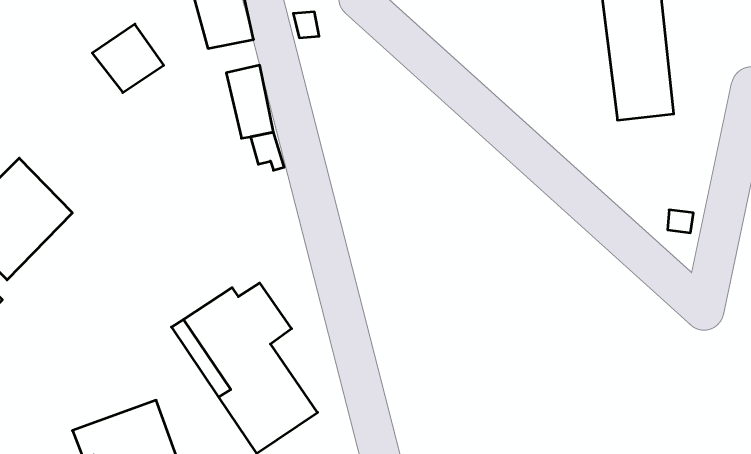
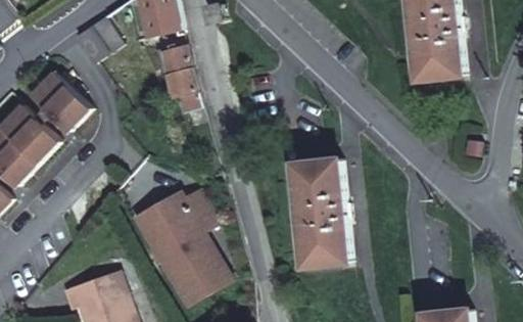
building: none -> [30,75,89,135]
building: none -> [295,163,347,268]

